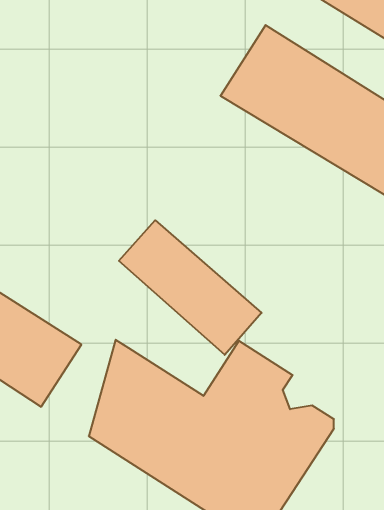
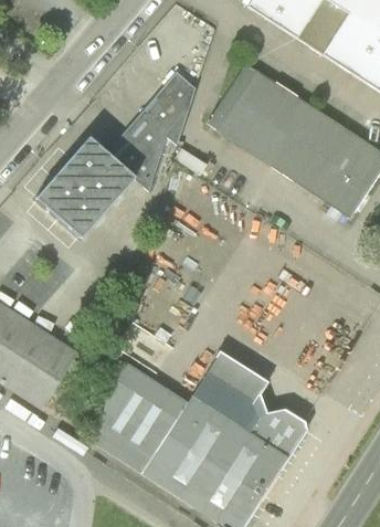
building: none -> [36,73,196,239]
building: [119,220,262,355] -> none

